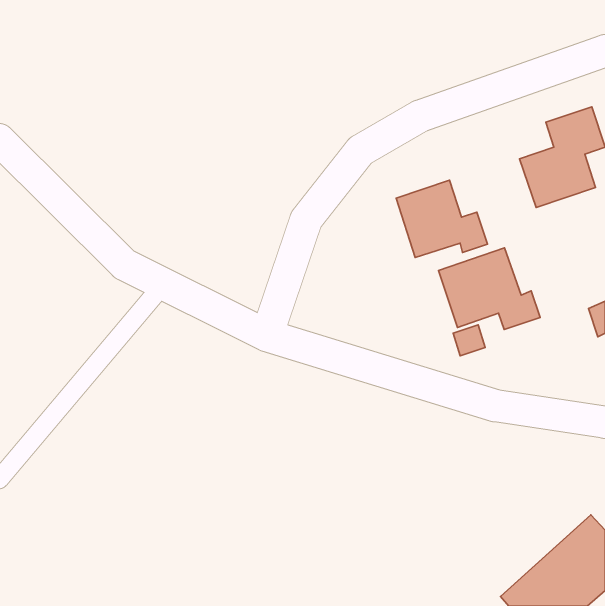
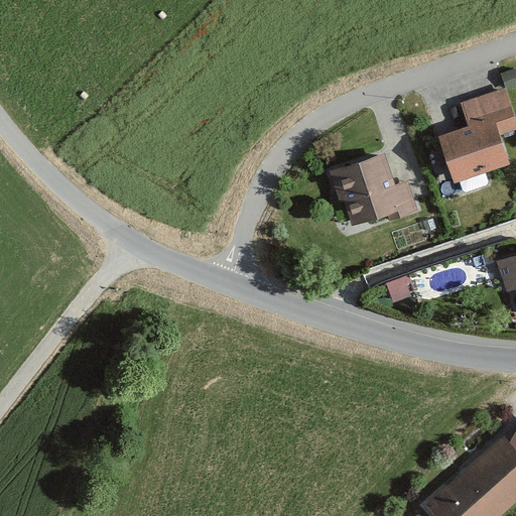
building: [439,248,540,329] -> none

